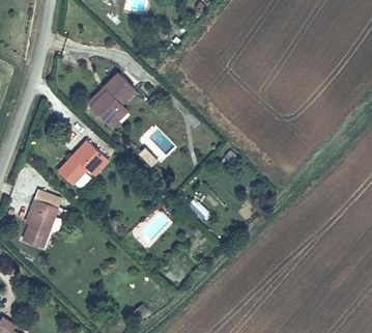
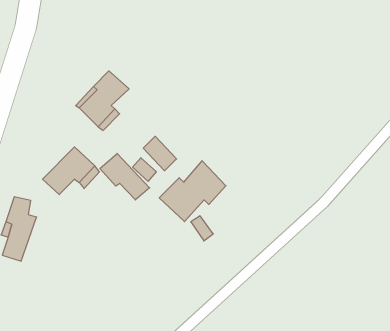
building: none -> [100,153,150,200]
building: none -> [159,161,226,222]

